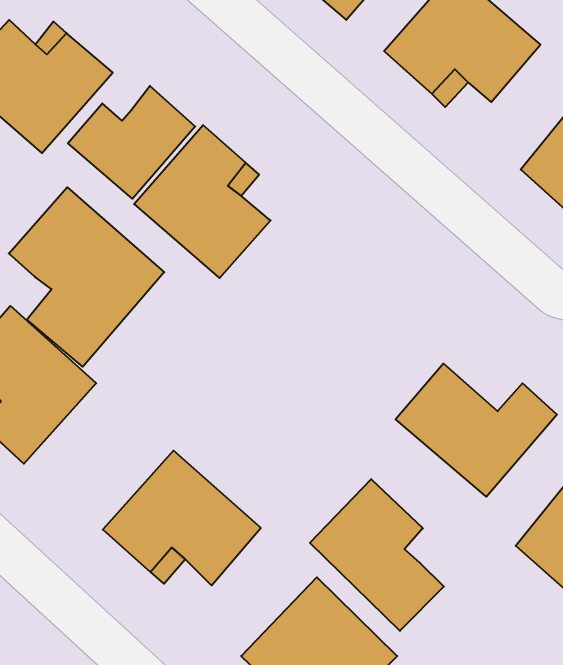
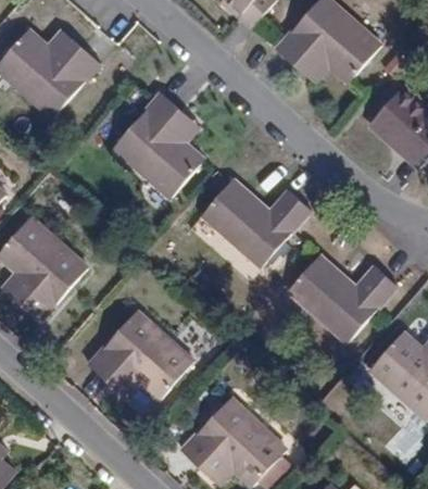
building: [68,86,195,199] -> none
building: [9,187,164,367] -> none
building: none -> [200,180,307,267]
building: [310,479,444,631] -> none

